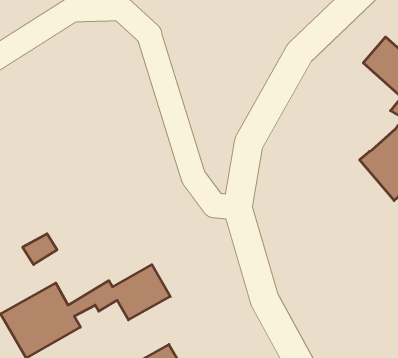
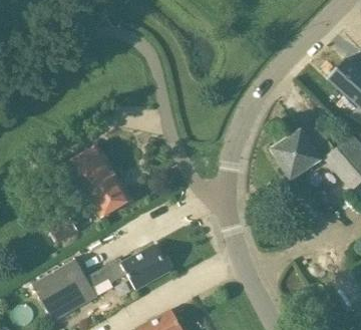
building: none -> [273,127,334,179]
building: none -> [67,144,129,217]

